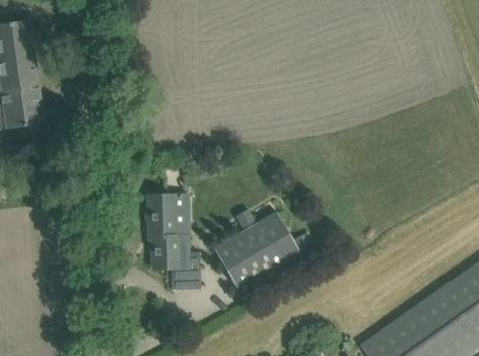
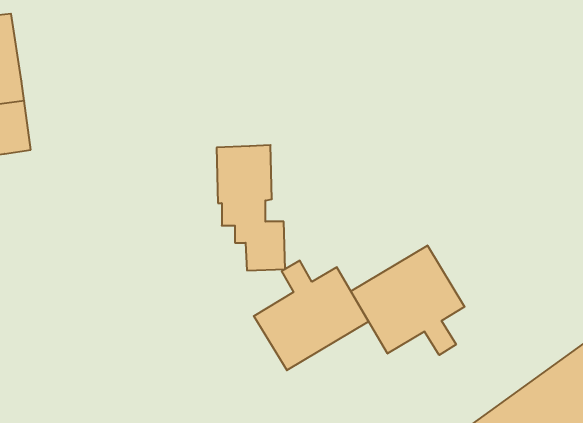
building: [149,195,201,290] -> [217,145,285,270]
building: none -> [351,245,465,355]

